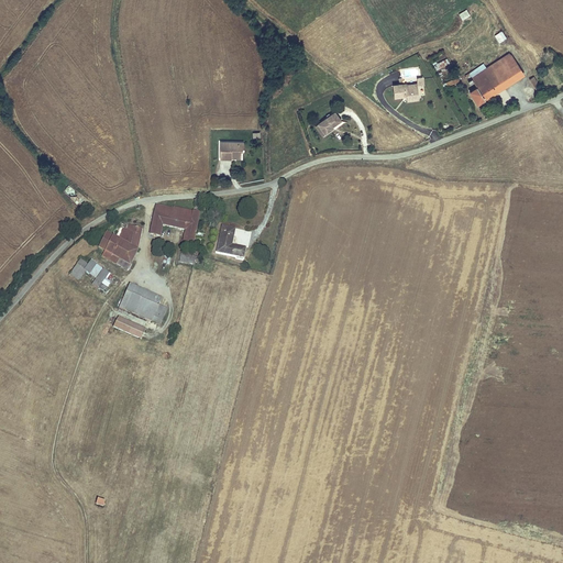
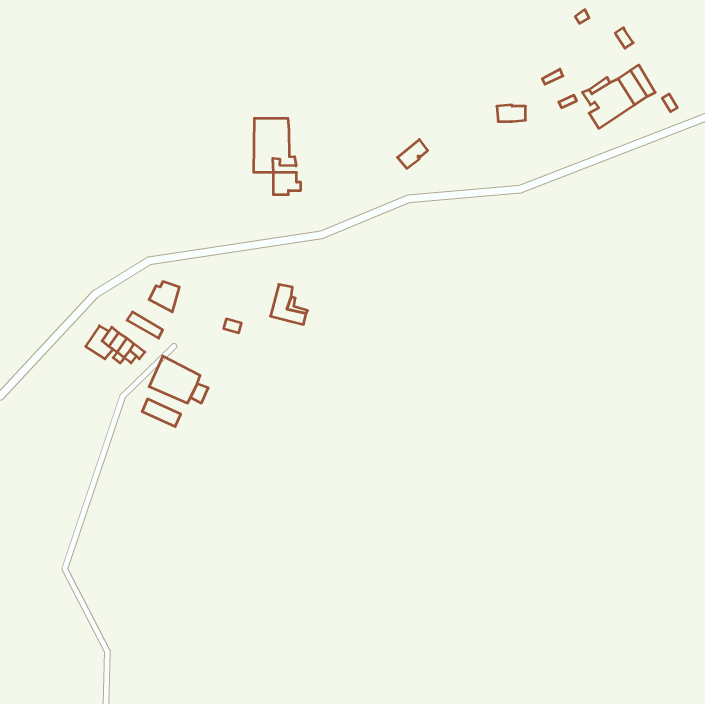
building: none -> [254,118,296,173]
building: [151,206,200,243] -> none
building: [99,232,137,263] -> none

